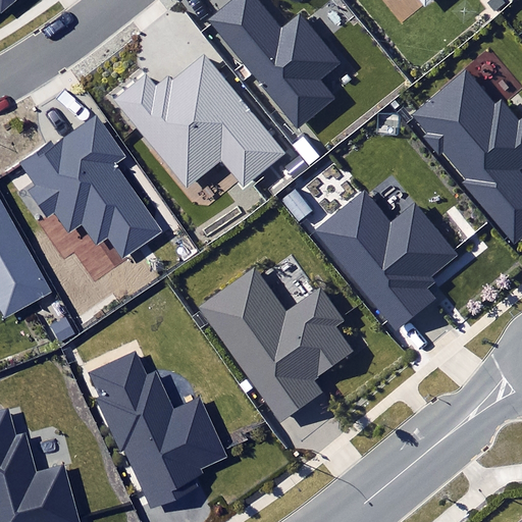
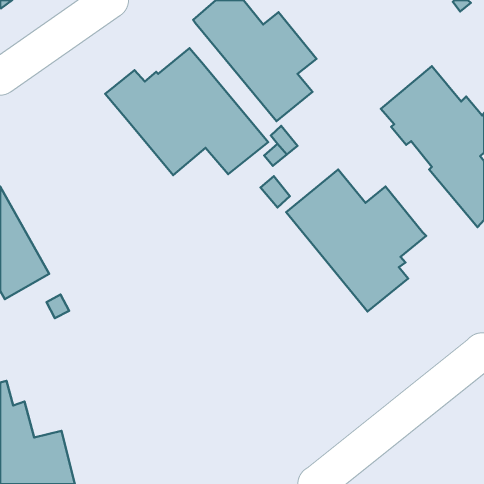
building: [18,117,158,256] -> none
building: [197,264,355,421] -> none
building: [88,351,225,506] -> none

